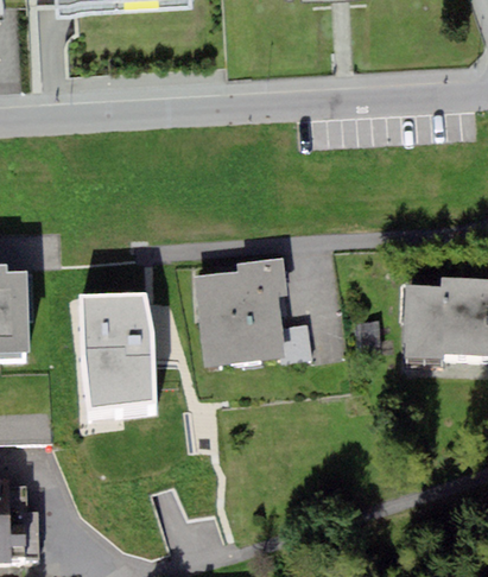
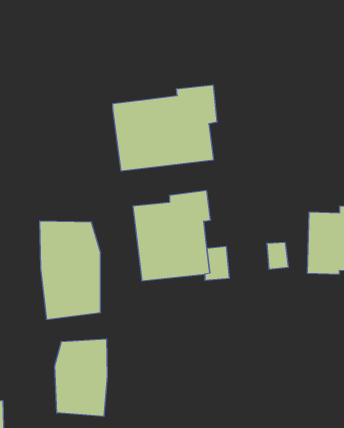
building: none -> [113,85,217,171]
building: none -> [55,339,107,416]

